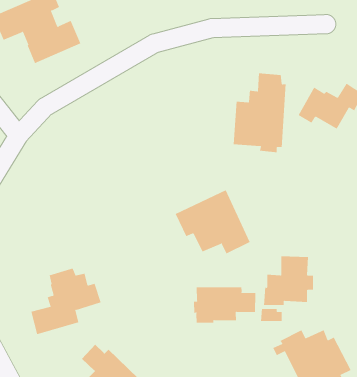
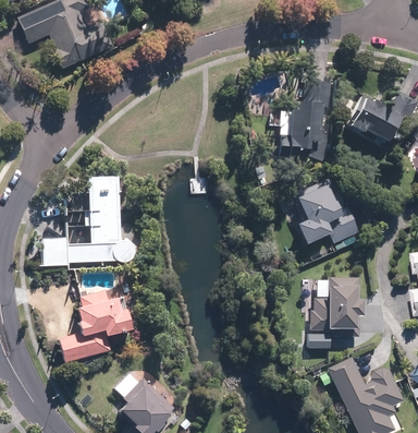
building: none -> [40,176,135,266]
building: [175,189,251,254] -> [278,175,359,244]
building: [193,287,256,324] -> none

